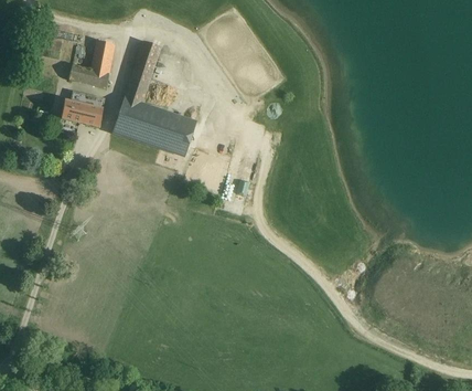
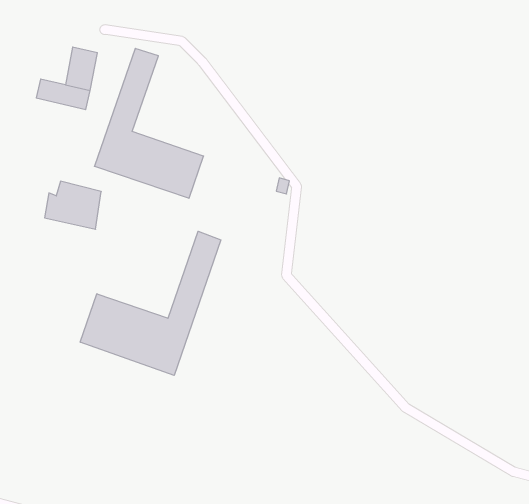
building: [61,92,104,128] -> [45,181,101,229]
building: none -> [80,231,221,375]

